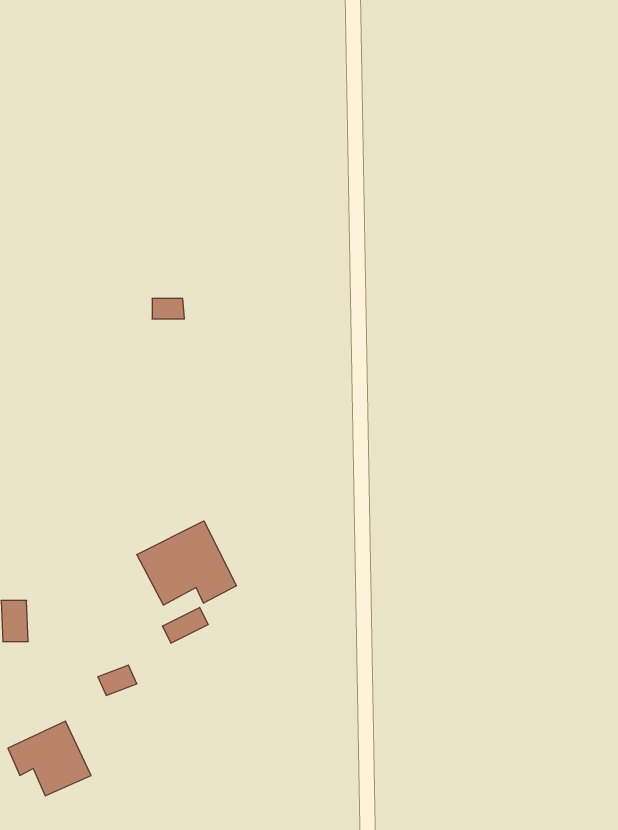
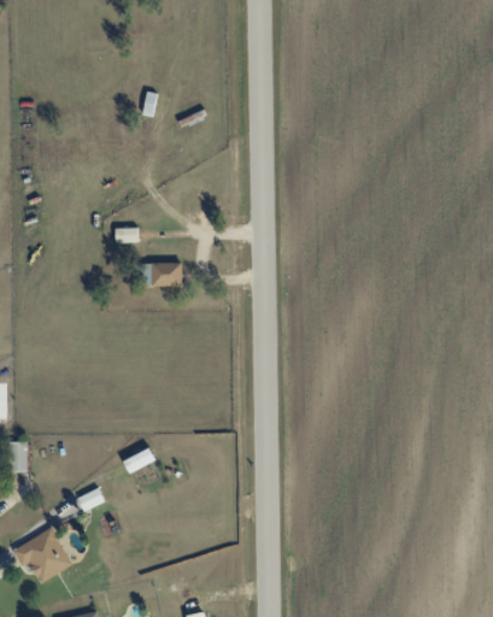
building: none -> [137,263,183,286]
building: [137,521,236,605] -> none

